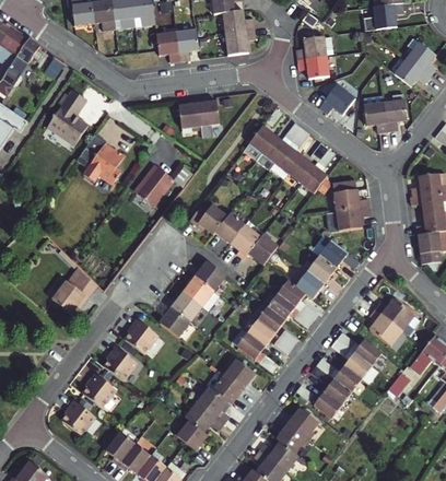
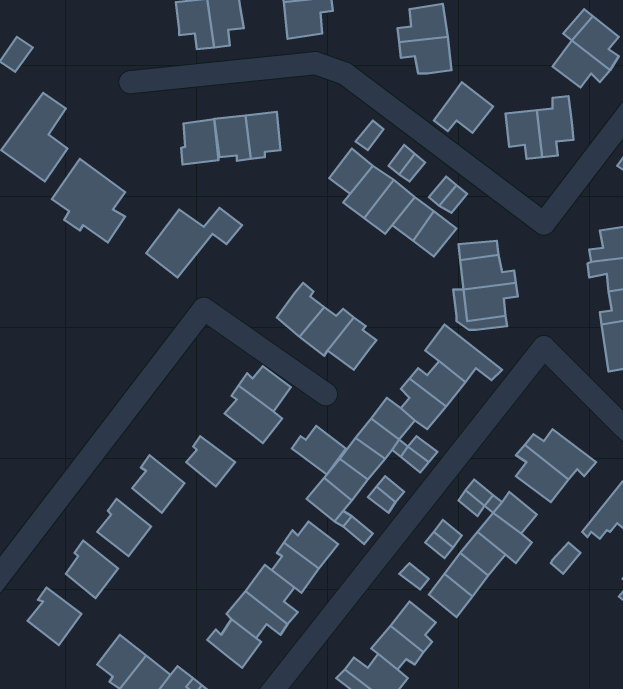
building: none -> [181,119,218,164]
building: [190,201,228,233] -> none
building: [52,269,97,315] -> none
building: [169,291,203,321] -> [292,426,346,475]

